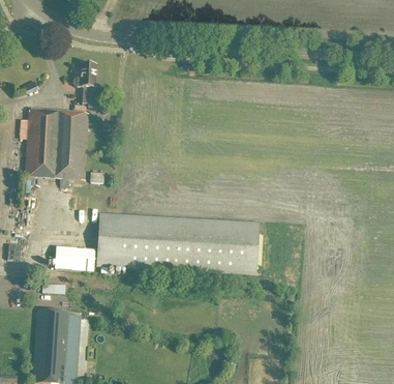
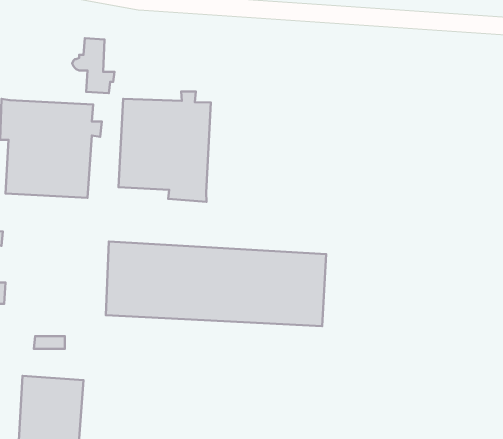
building: none -> [119,91,211,202]
building: [55,245,95,269] -> none

